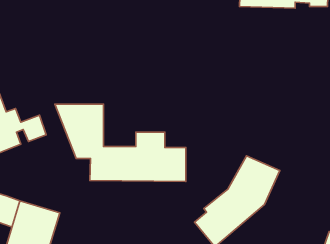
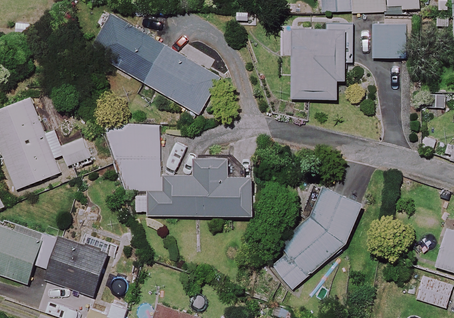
building: none -> [89,13,221,115]
building: none -> [371,26,406,58]
building: none -> [289,27,354,100]

